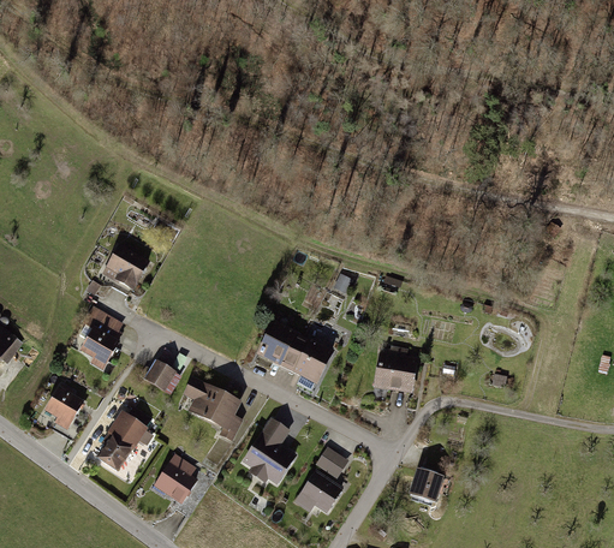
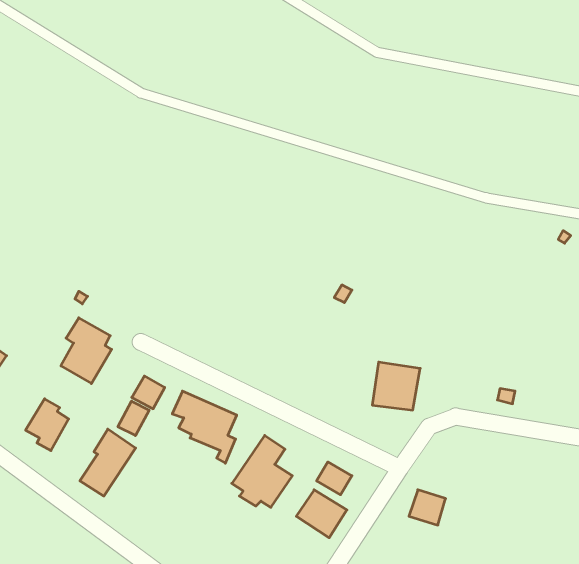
building: [101,246,148,291] -> none
building: [255,320,333,385] -> none
building: none -> [118,401,149,436]
building: [153,453,197,504] -> none

